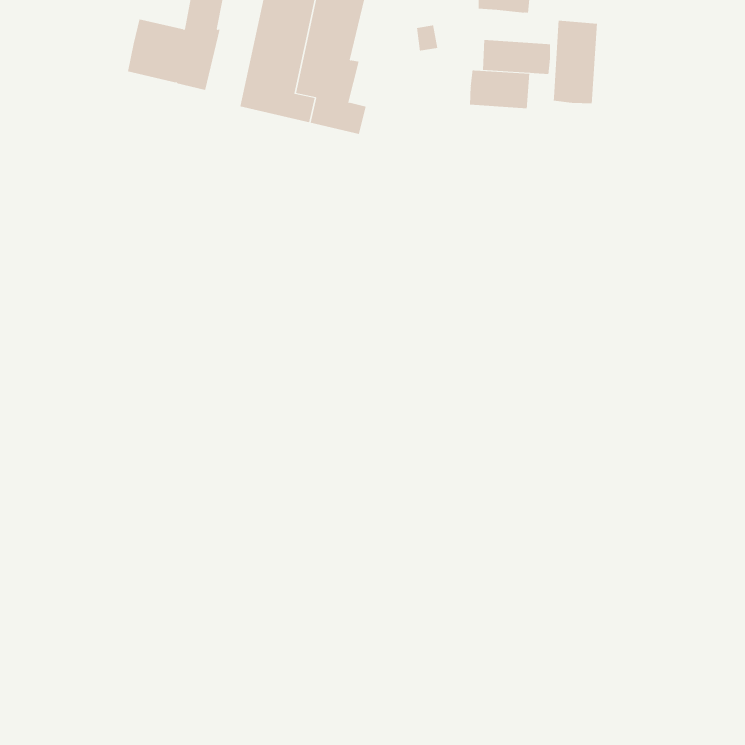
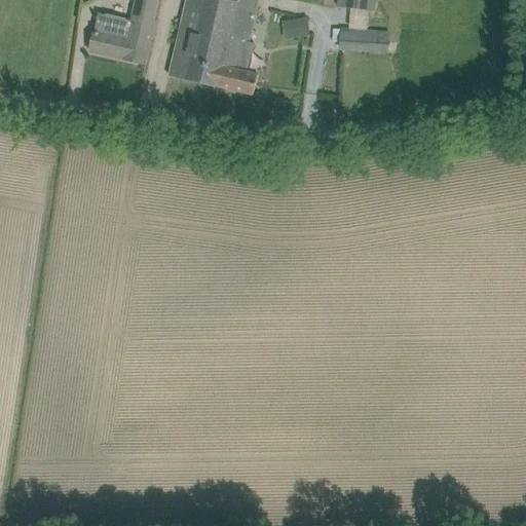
building: [553,20,597,104] -> none
building: [469,69,530,109] -> none

